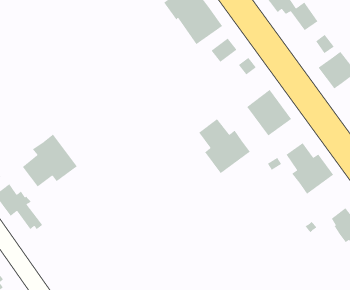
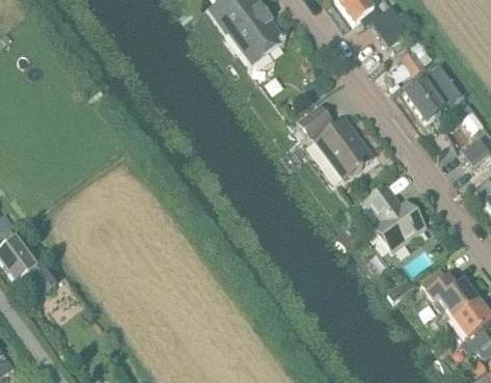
building: [210,37,238,63] -> [298,105,332,137]
building: [198,118,251,174] -> none
building: [22,133,78,188] -> none

